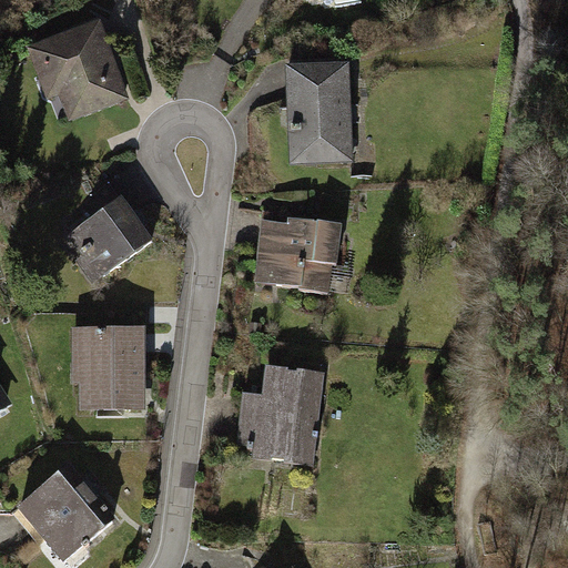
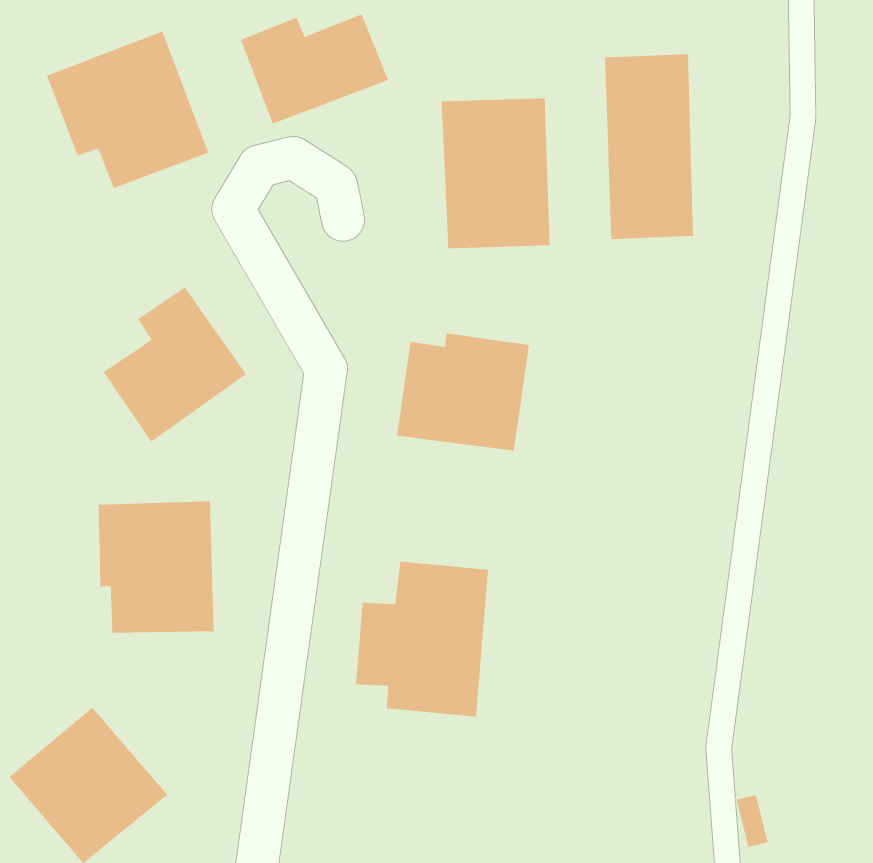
building: none -> [240,14,389,124]
building: none -> [604,54,693,240]

